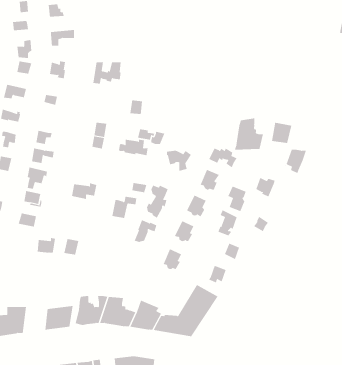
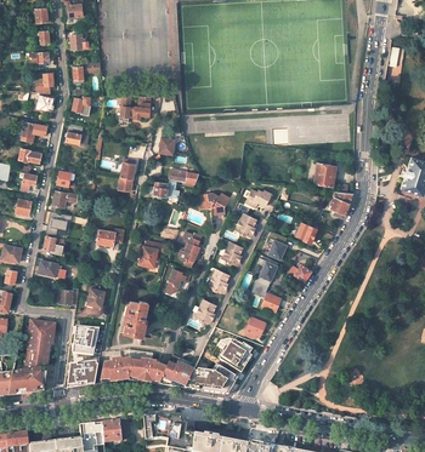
building: [234,117,263,151] -> none
building: none -> [124,301,148,334]
building: none -> [25,321,55,362]
building: none -> [72,326,100,355]

